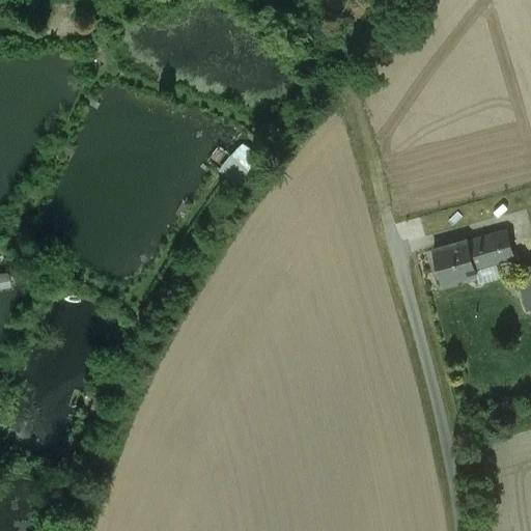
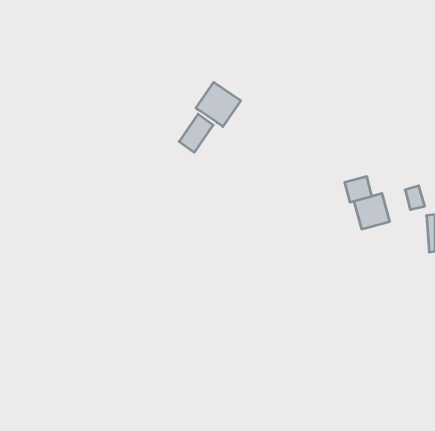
building: none -> [196,82,241,127]
building: [466,236,499,268] -> [345,177,372,202]

